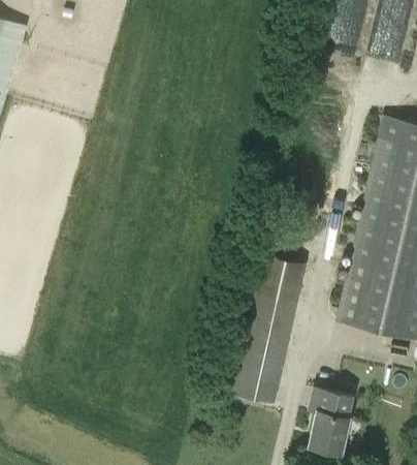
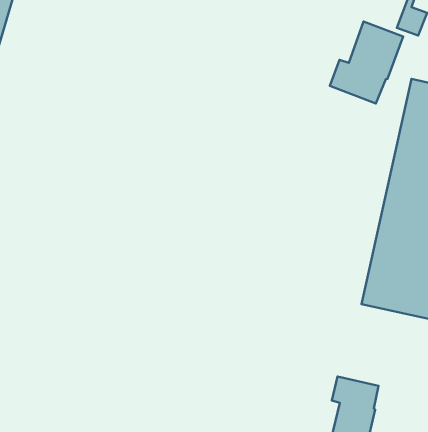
building: none -> [330,22,403,103]
building: [234,255,304,403] -> none

